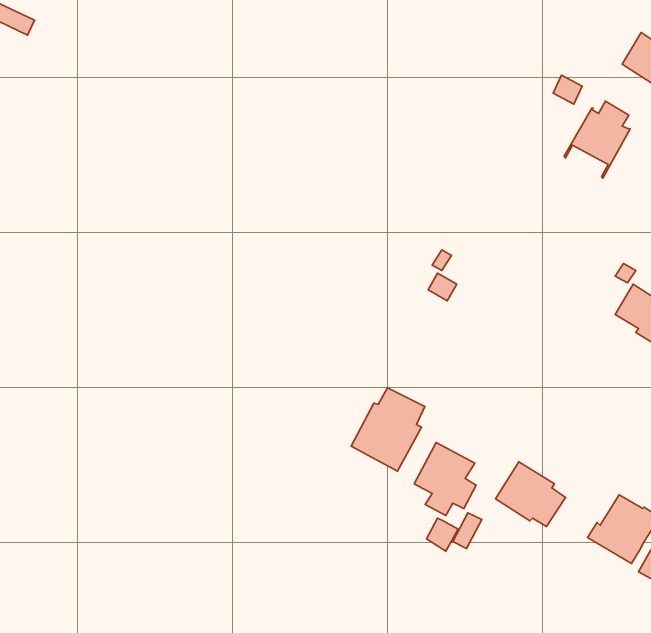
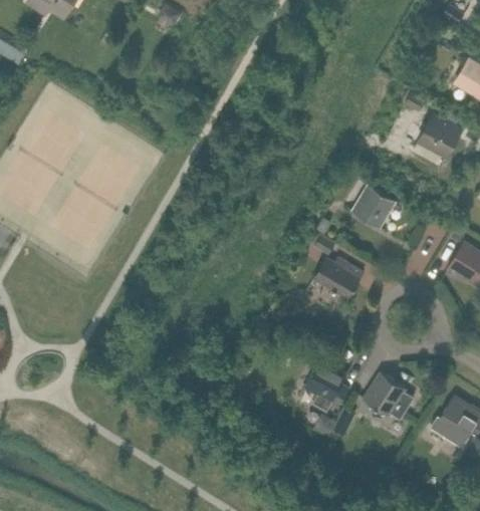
building: none -> [349,184,396,229]
building: none -> [312,258,364,299]
building: [351,388,425,471] -> none

